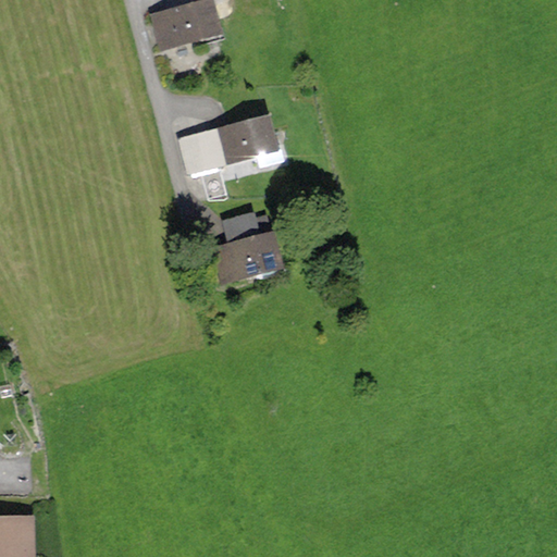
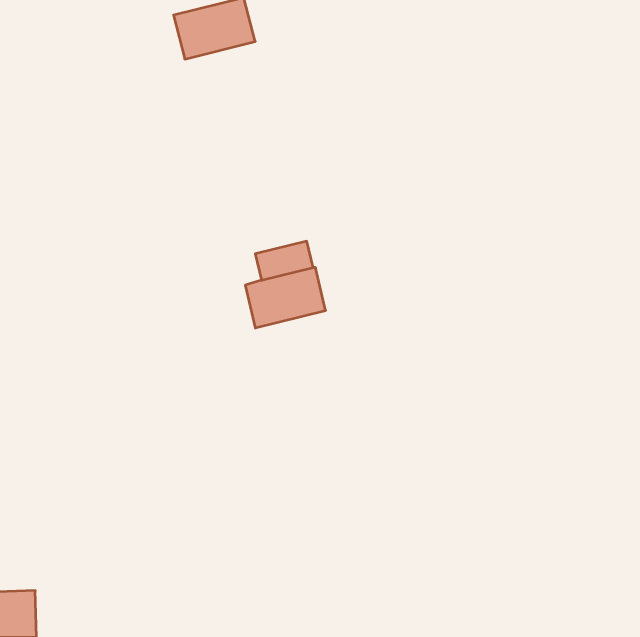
building: [177,115,278,174] -> none

